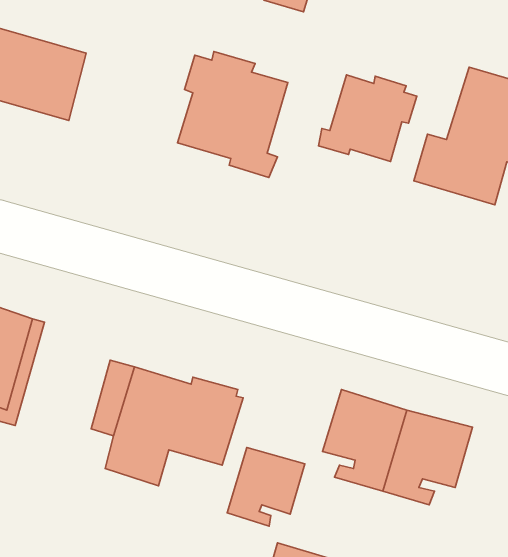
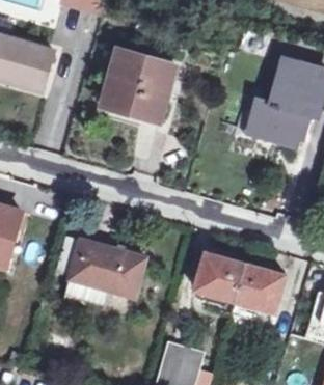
building: [318,75,417,162] -> none
building: [227,447,305,526] -> none

